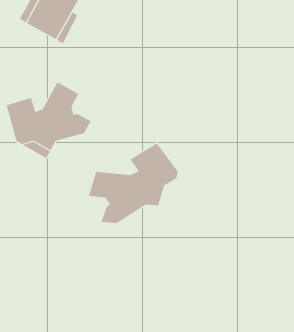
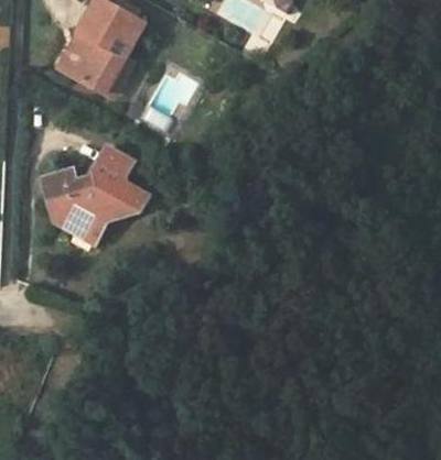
building: [88,143,178,224] -> none

